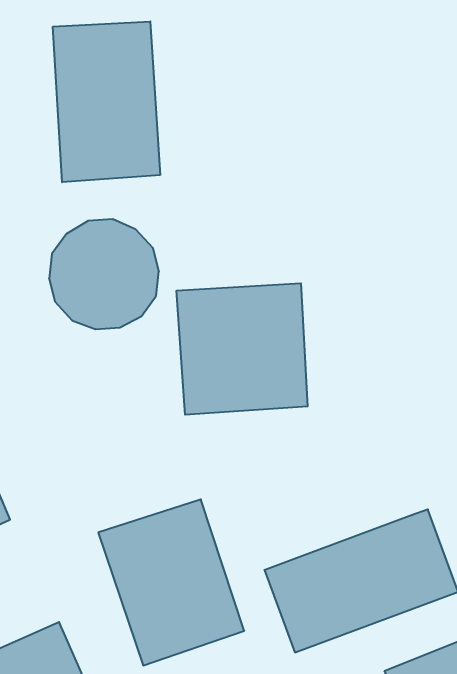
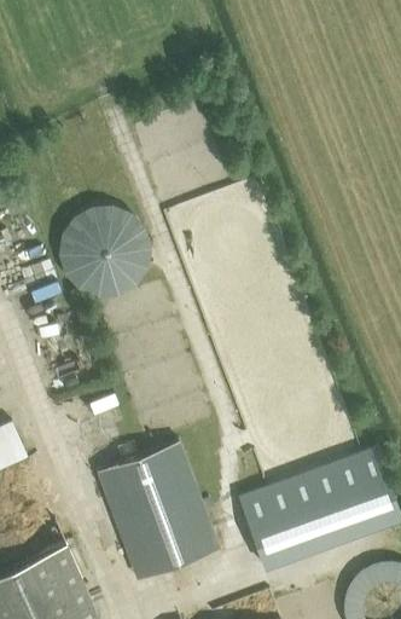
building: [53,21,160,182] -> none
building: [177,283,308,415] -> none

